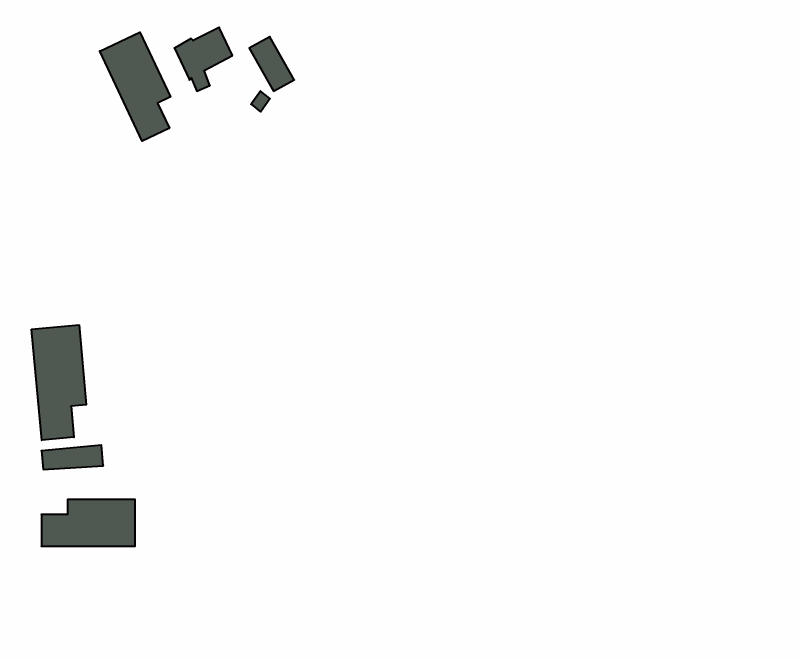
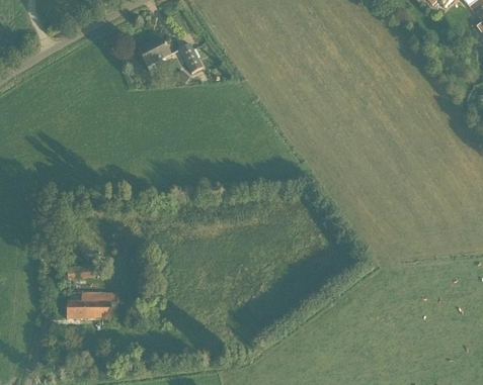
building: [100,32,170,141] -> none
building: [32,325,86,440] -> none

